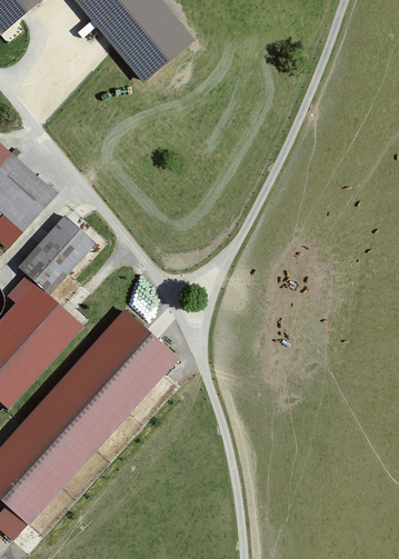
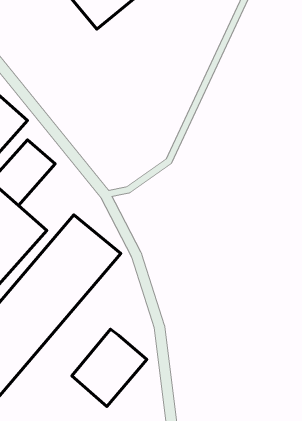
building: none -> [72,329,147,406]

